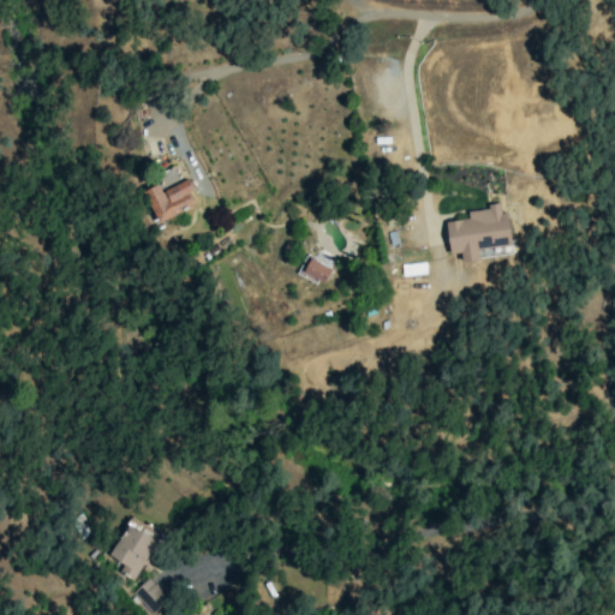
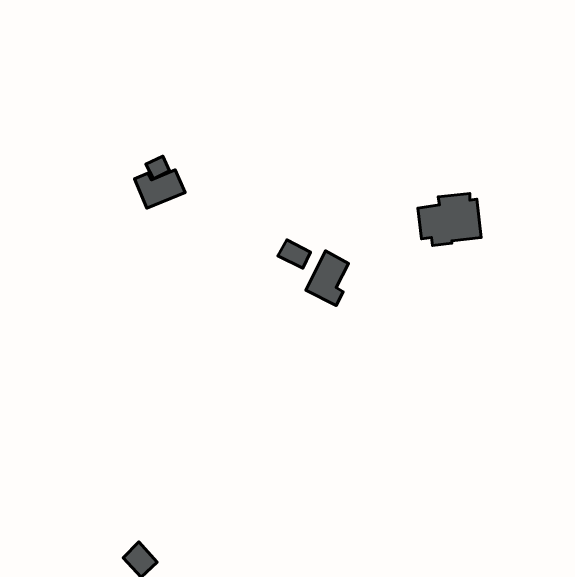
building: none -> [306,251,349,306]
building: [111,523,159,578] -> none

